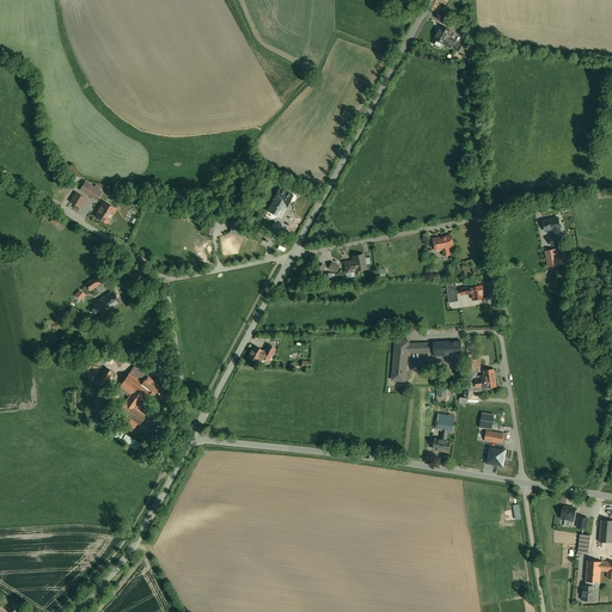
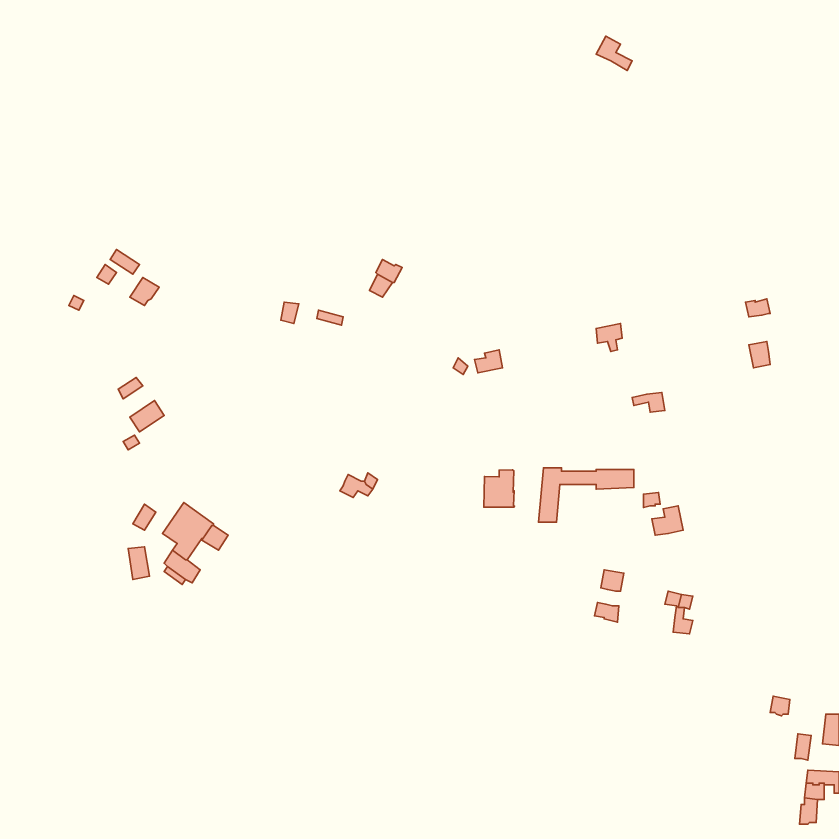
building: none -> [484,470,515,507]

